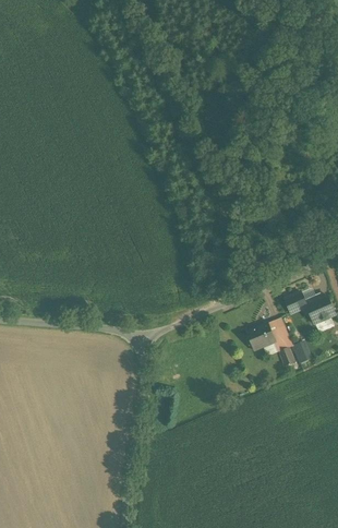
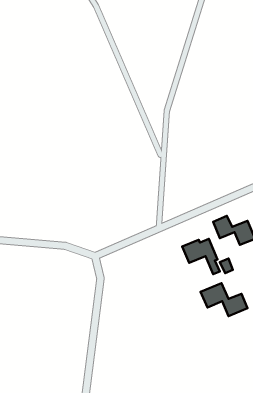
building: none -> [201,283,247,316]

